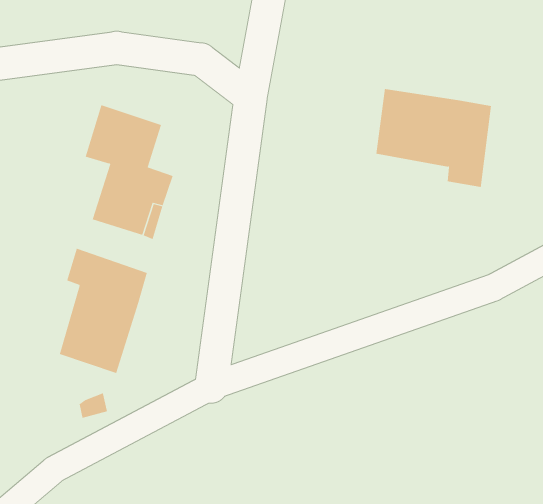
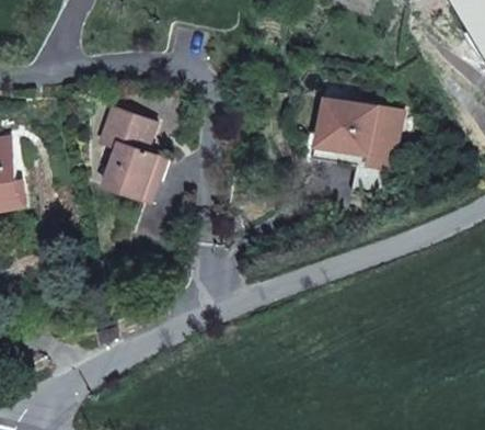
building: [59,248,148,374] -> none

